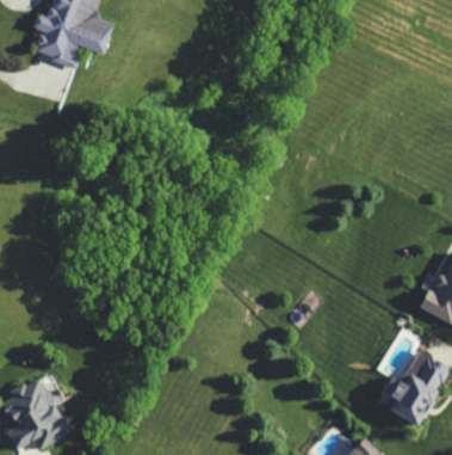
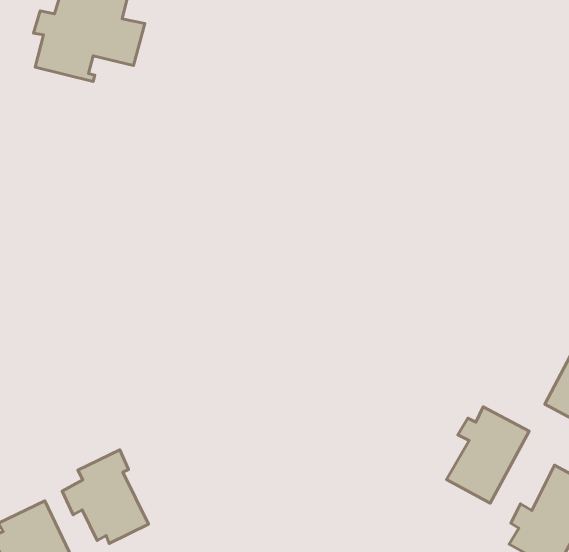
building: none -> [446,407,529,503]
building: none -> [62,450,149,543]

